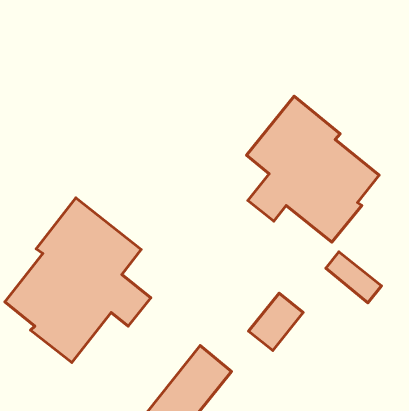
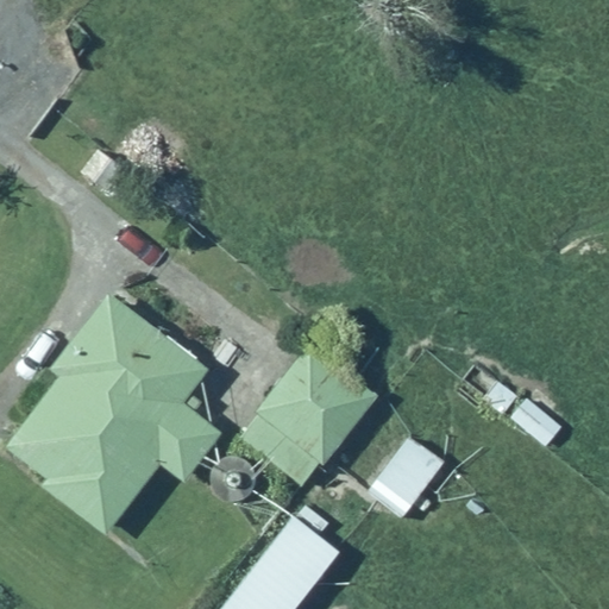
building: [247,96,379,242] -> none
building: none -> [246,337,379,481]

